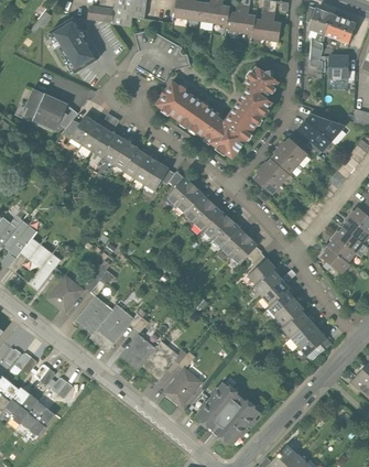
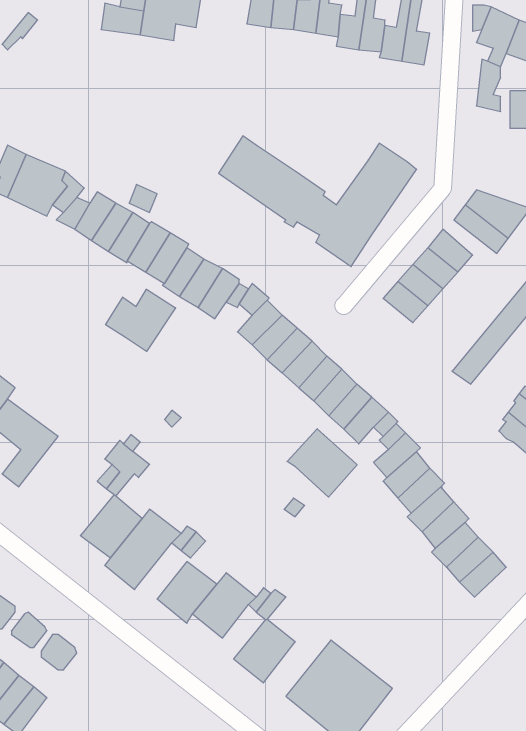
building: [50,18,98,73] -> none
building: [246,67,280,98] -> none
building: none -> [106,289,176,351]
building: none -> [287,429,357,497]
building: [47,274,84,312] -> none

